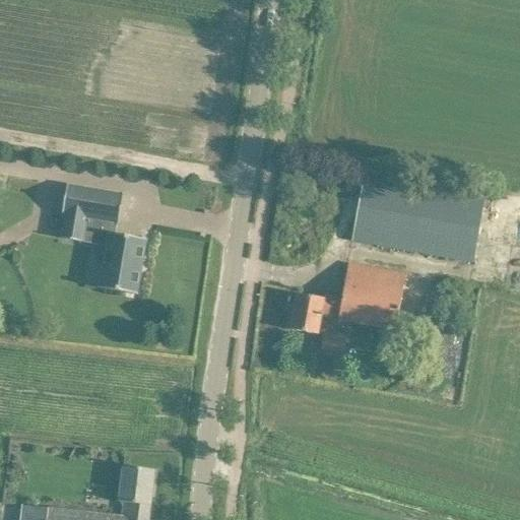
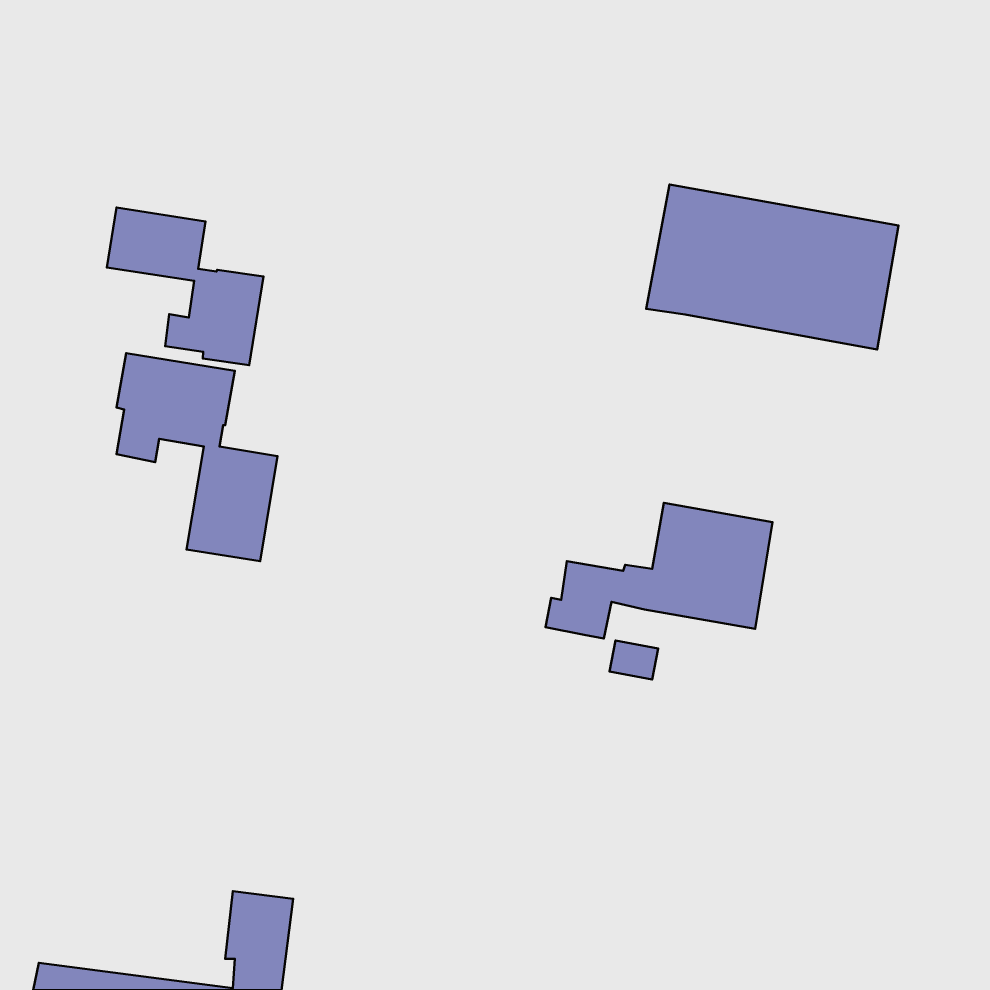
building: none -> [107,208,263,365]
building: [351,175,483,261] -> [646,185,899,350]

